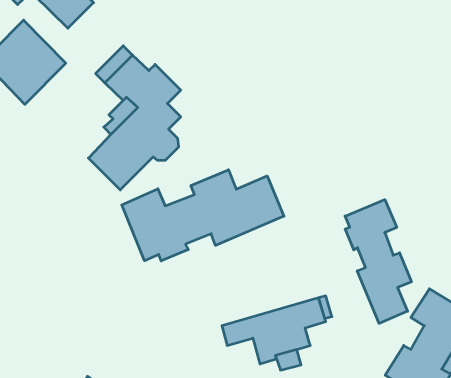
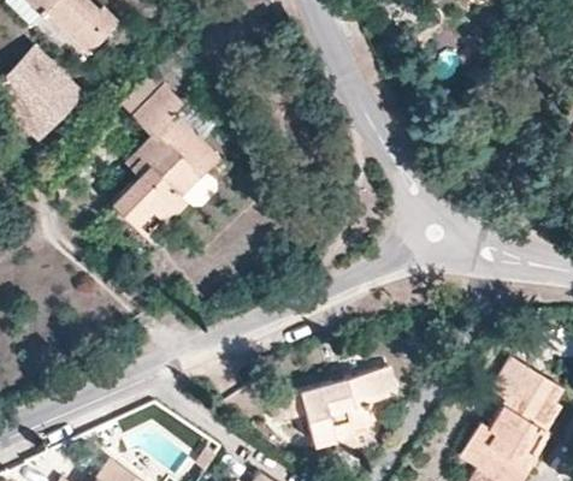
building: [122,170,284,261] -> none
building: [345,200,411,323] -> none

